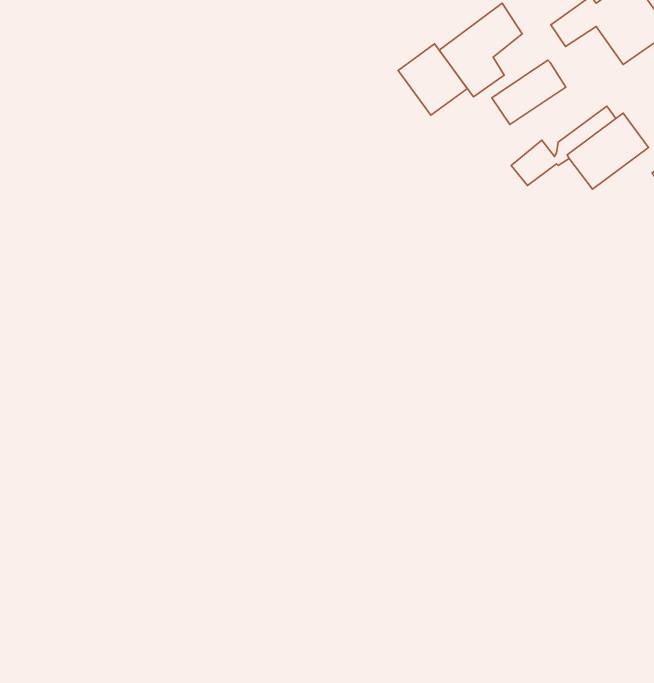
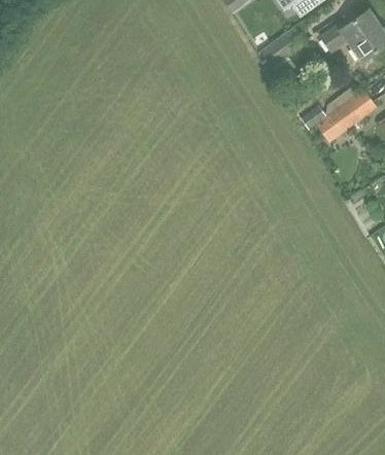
building: [398,44,467,115] -> none
building: [492,60,566,124] -> none

